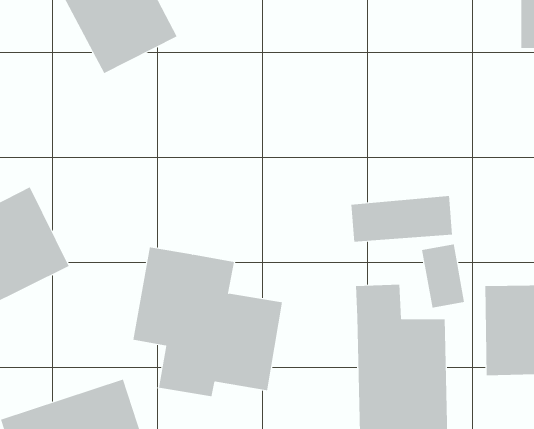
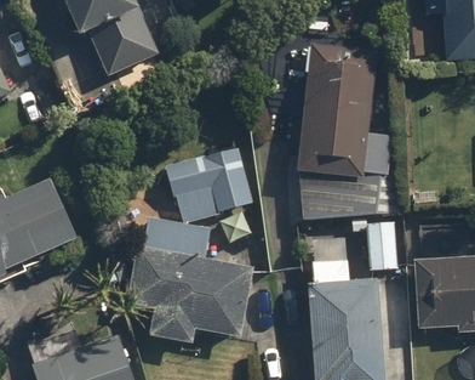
building: none -> [292,42,390,175]
building: none -> [165,144,251,225]

